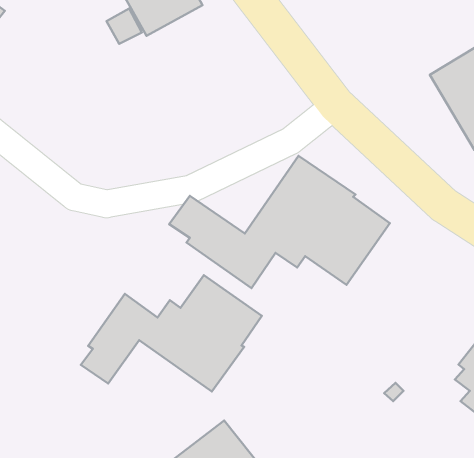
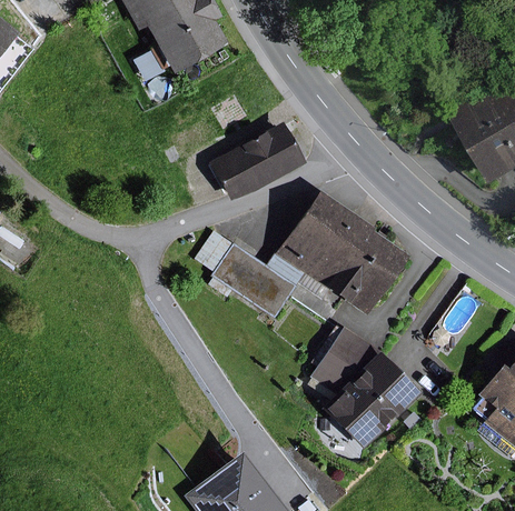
building: none -> [208,122,305,203]
building: [81,275,262,392] -> none
building: none -> [307,325,420,451]

